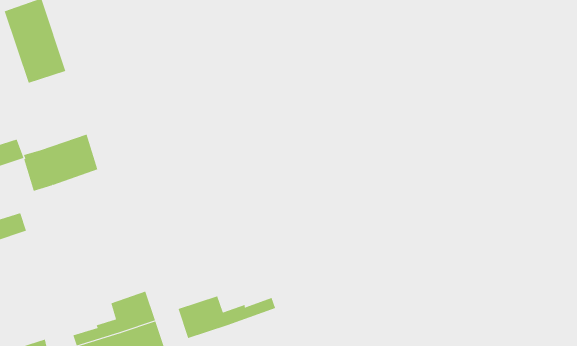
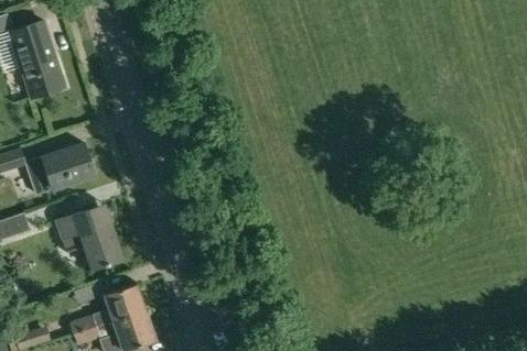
building: none -> [55,202,123,268]
building: [178,296,276,339] -> none

